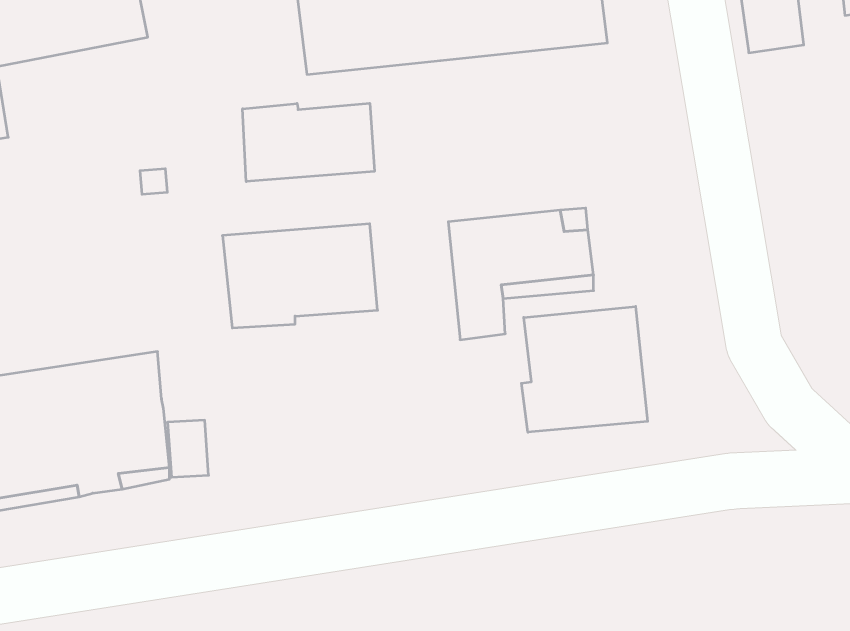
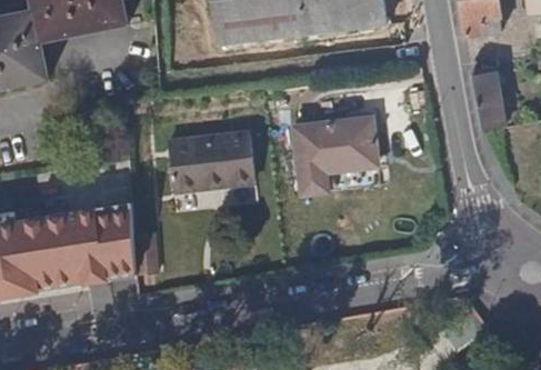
building: [243,103,374,182] -> none
building: none -> [472,70,504,130]
building: [521,306,648,432] -> none

